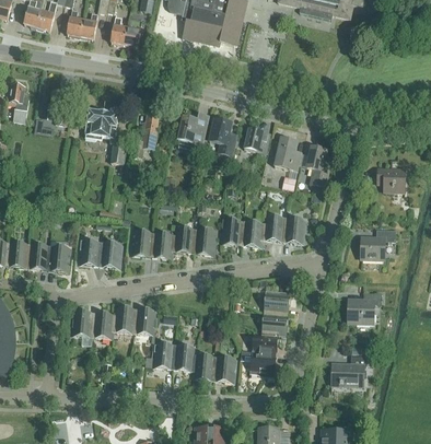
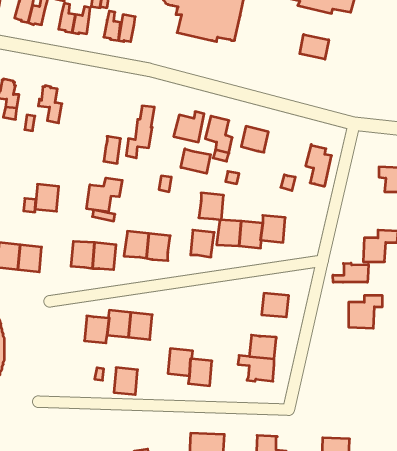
building: none -> [300,34,329,59]
building: [84,110,118,142] -> none
building: [275,137,302,171] -> none
building: none -> [181,149,211,173]
building: none -> [87,178,122,212]
building: [284,217,307,243] -> none
building: [173,226,197,253] -> [199,193,224,220]
building: [48,245,71,271] -> [35,184,59,211]
building: none -> [333,263,368,282]
building: [71,309,94,336] -> none
building: [261,311,288,334] -> none
building: [152,341,175,367] -> [114,368,138,395]
building: [213,355,237,382] -> none
building: [331,355,368,385] -> none

